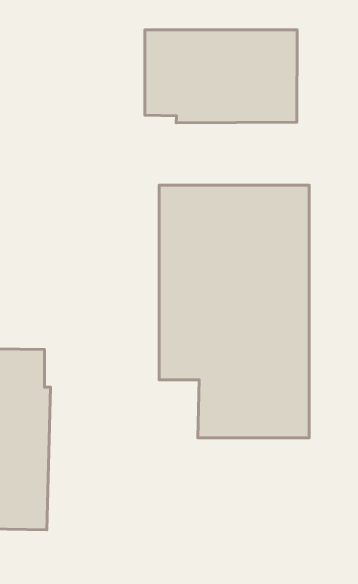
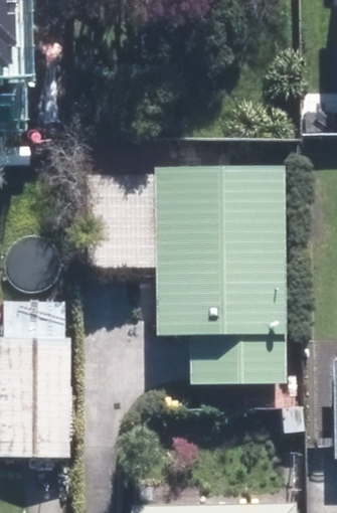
building: [145,30,297,123] -> none

